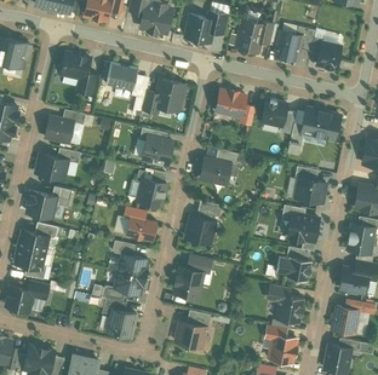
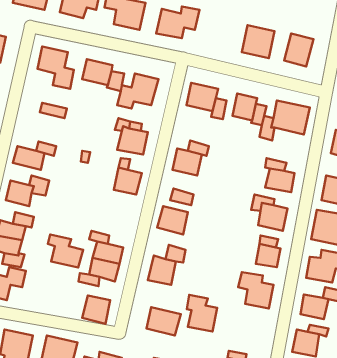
building: [235,13,276,53] -> none
building: [45,117,73,144] -> none
building: [121,207,157,241] -> [48,234,83,267]
building: [265,325,297,363] -> [187,295,217,331]

